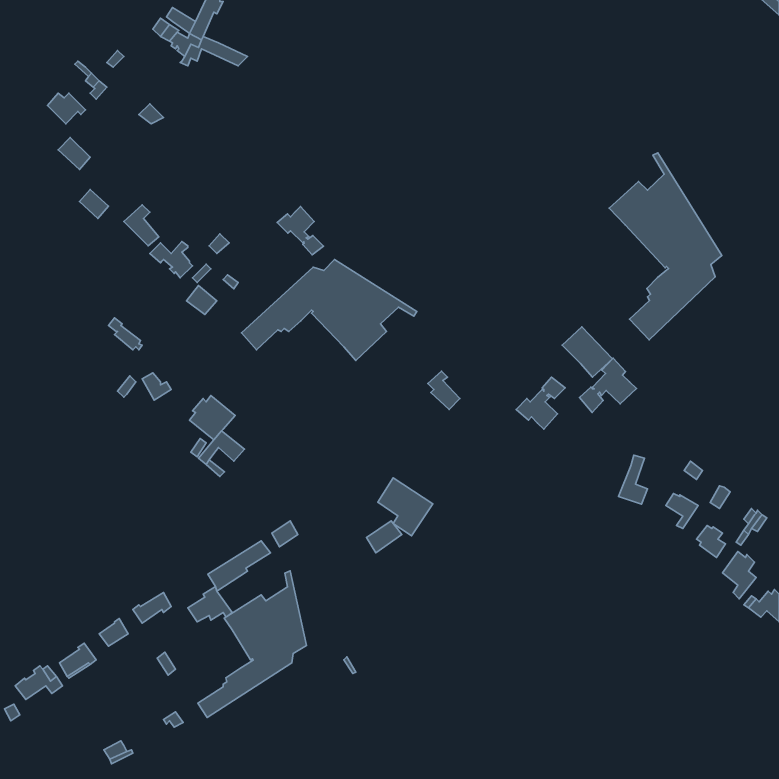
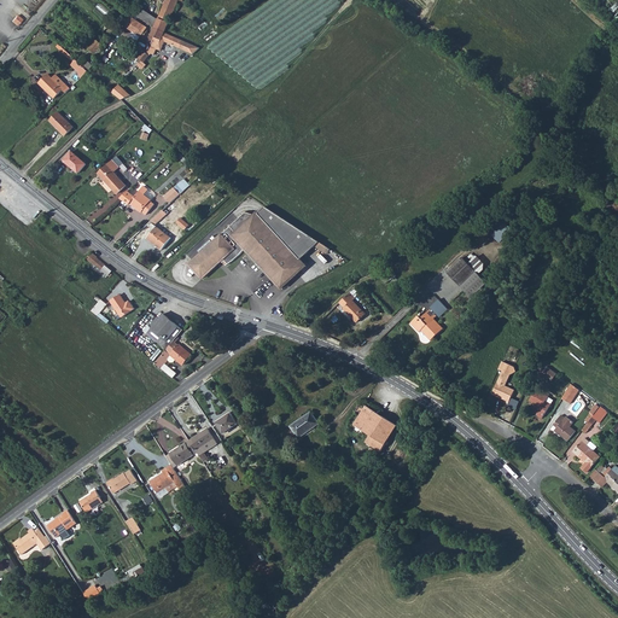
building: [609,153,722,340] -> none
building: [277,206,324,255] -> none
building: [580,358,636,413] -> none
building: [378,478,433,536] -> [352,404,396,450]
building: [198,571,306,718] -> none

